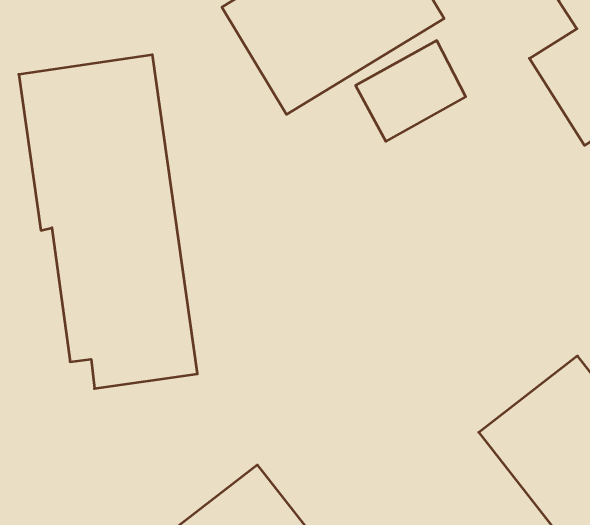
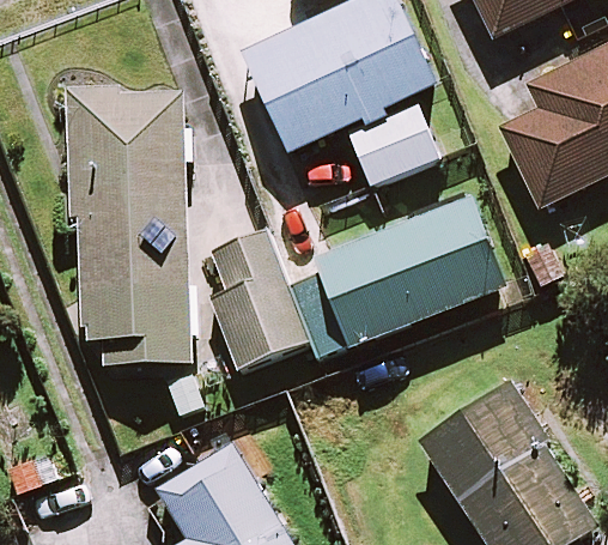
building: none -> [316,199,506,346]
building: none -> [212,232,305,367]

